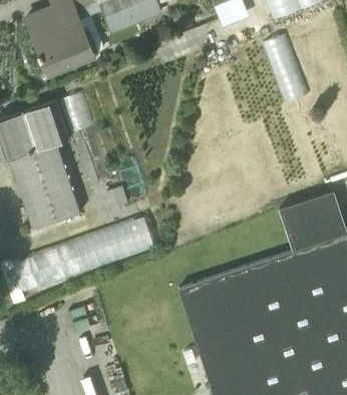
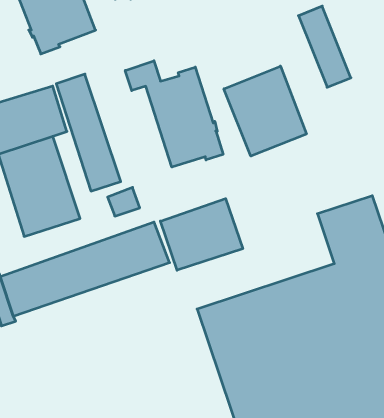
building: none -> [125,61,223,167]
building: none -> [224,66,306,156]
building: none -> [160,199,243,270]

